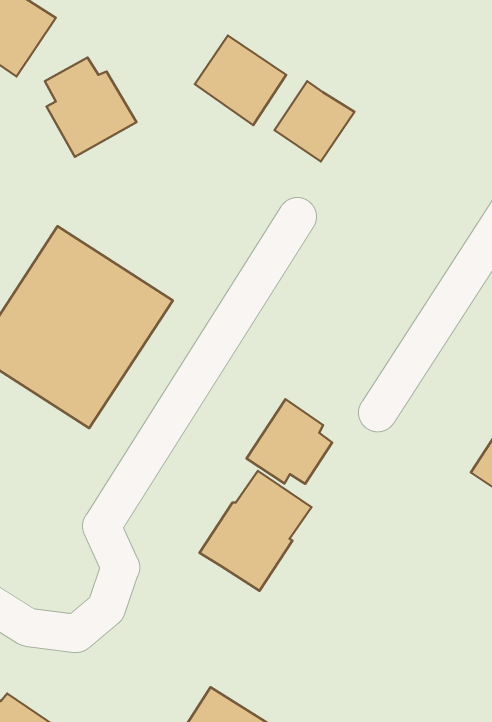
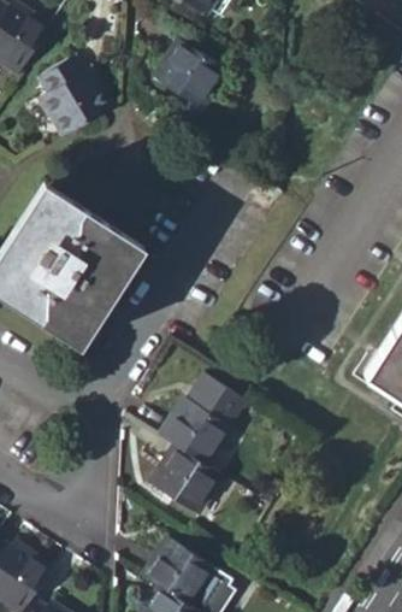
building: [275,81,355,161] -> none
building: [247,399,332,484] -> none
building: none -> [150,447,220,514]

